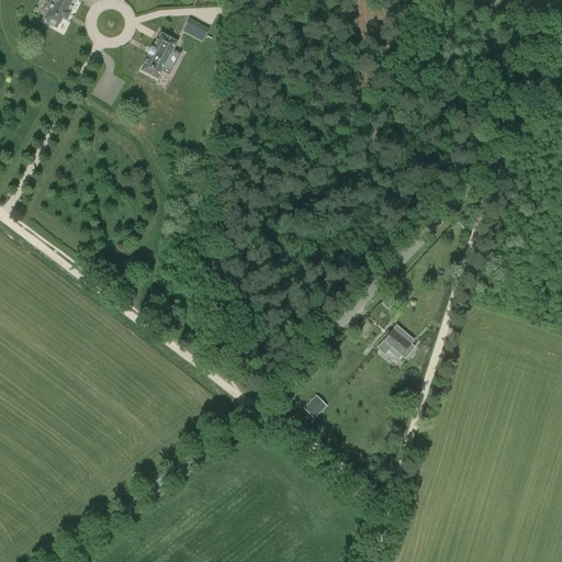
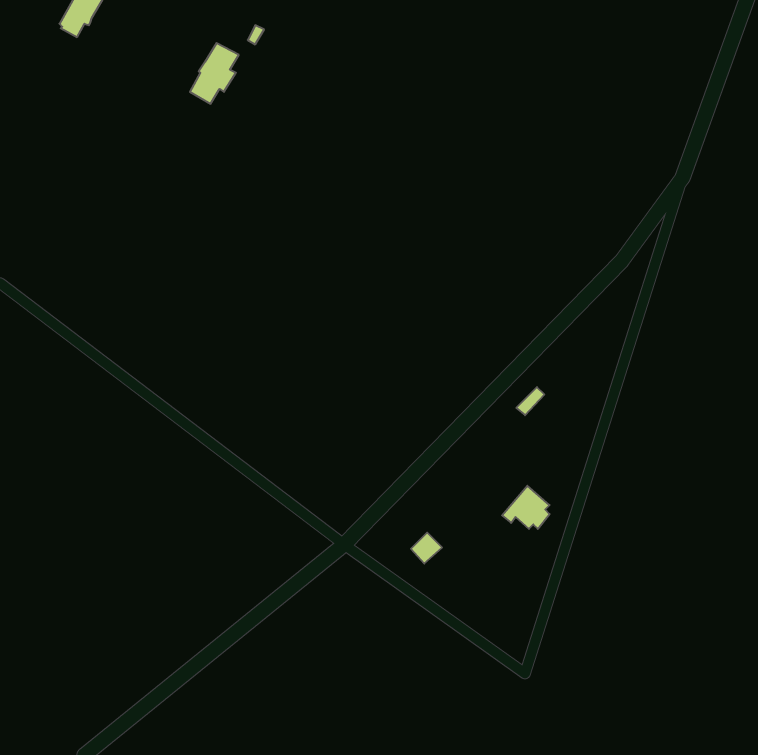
building: [379,325,414,357] -> [502,486,550,529]

